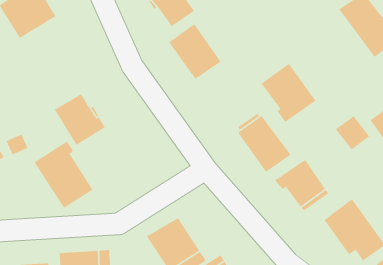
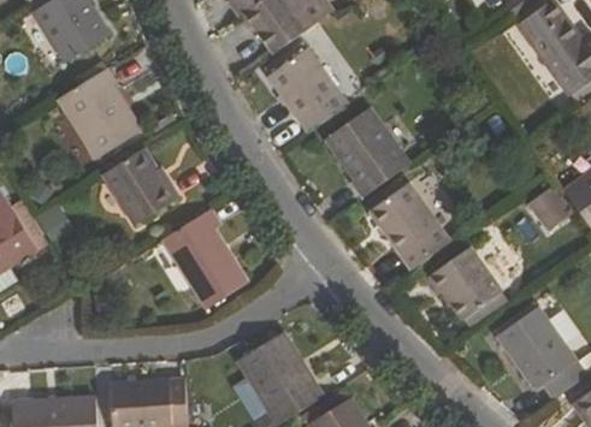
building: none -> [57,70,141,161]
building: [261,63,316,123] -> [326,109,408,197]
building: [34,141,94,209] -> [160,210,248,310]

